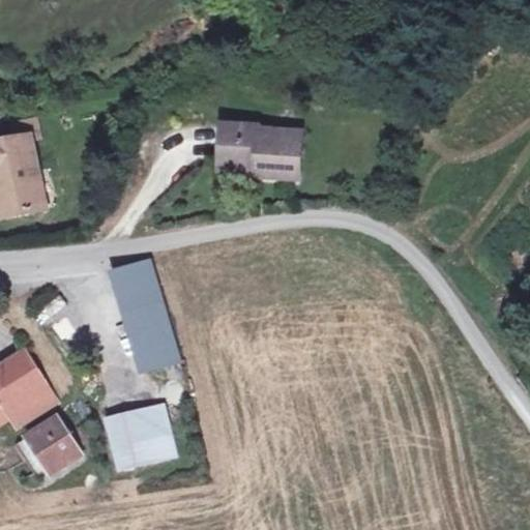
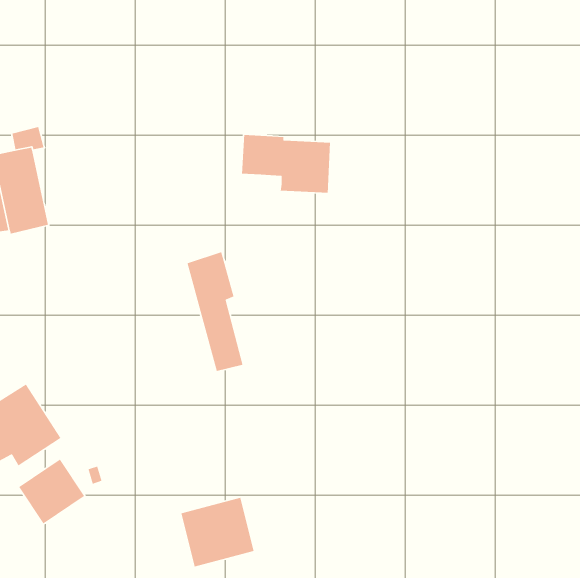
building: [120,258,172,367] -> [187,251,243,372]
building: [108,403,175,467] -> [181,497,255,567]

